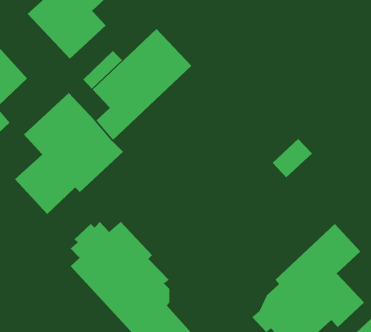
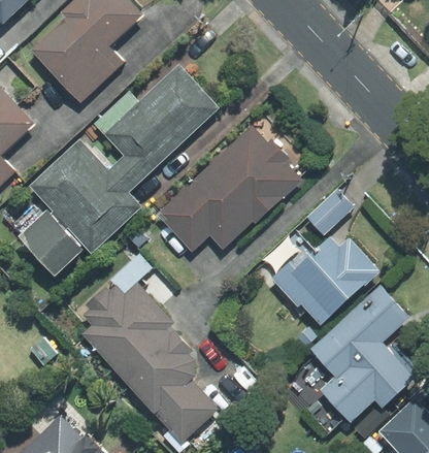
building: none -> [157,126,300,253]
building: none -> [272,237,378,325]

